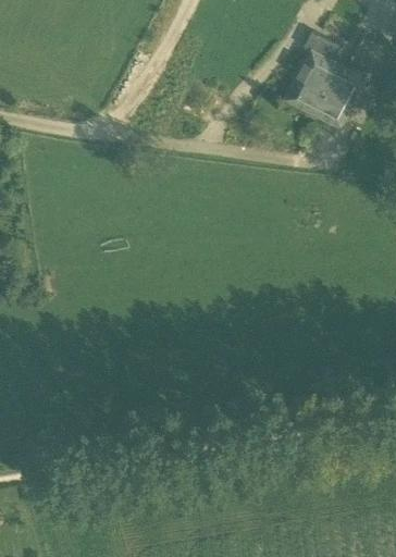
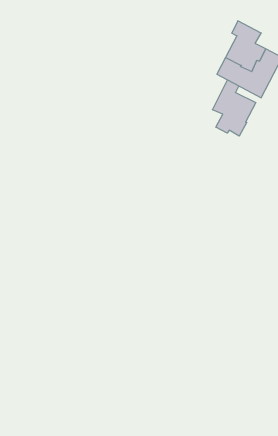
building: none -> [212,80,256,136]

